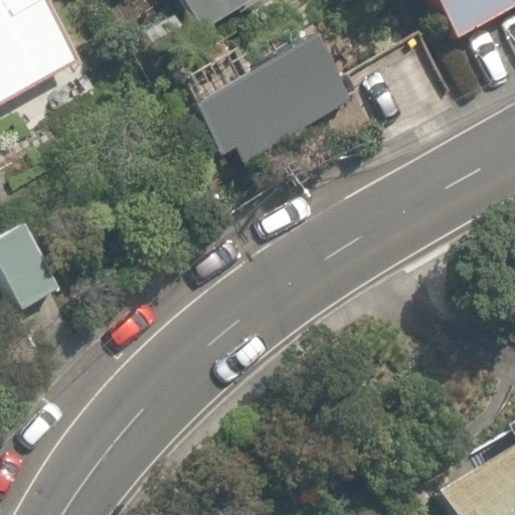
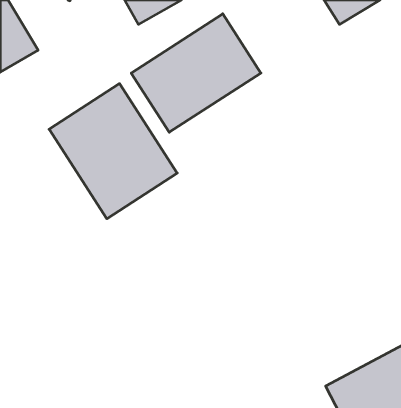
building: none -> [49,84,177,219]

